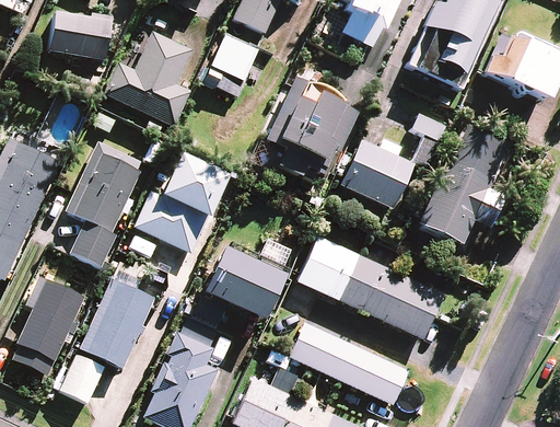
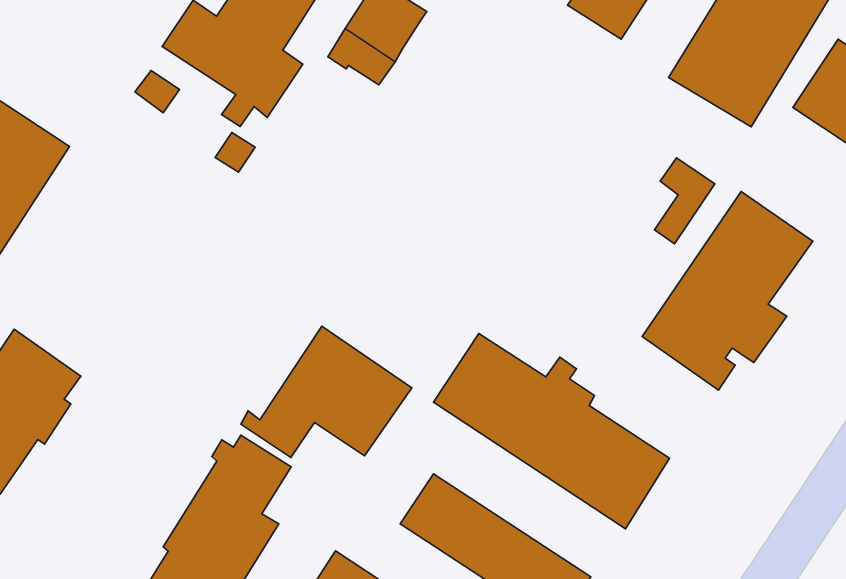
building: [265,76,358,176] -> none
building: [338,138,413,208] -> none
building: [69,141,144,267] -> none
building: [135,153,226,252] -> none
building: [61,261,165,401] -> none

